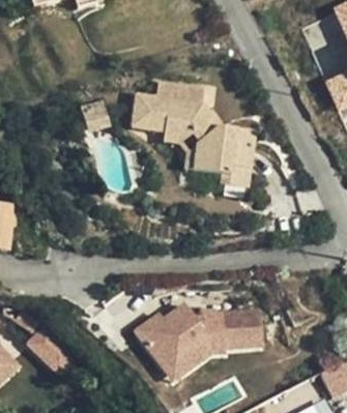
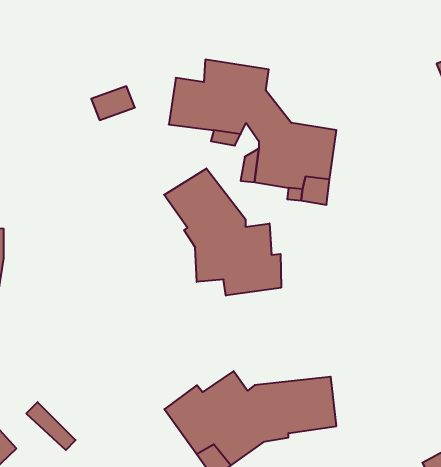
building: none -> [164,168,281,296]

